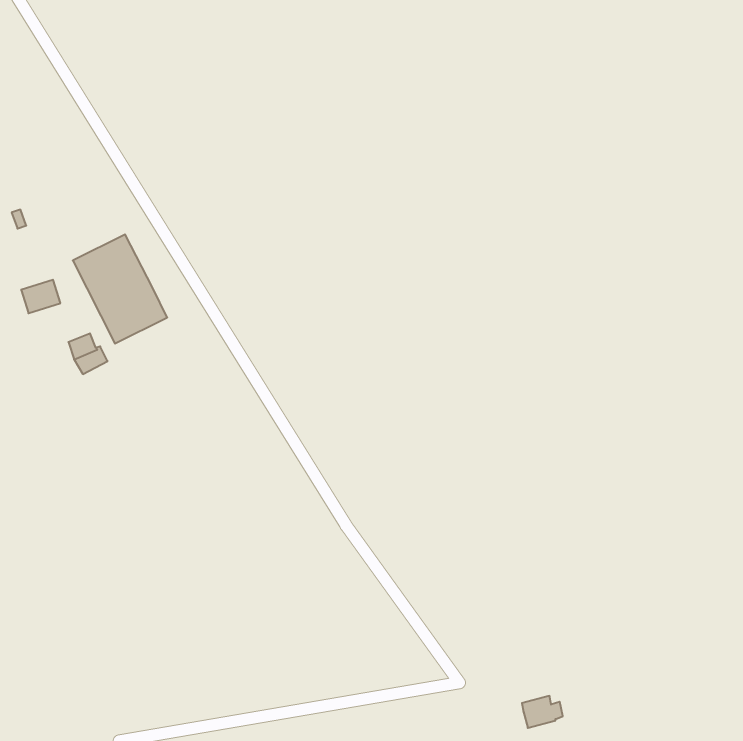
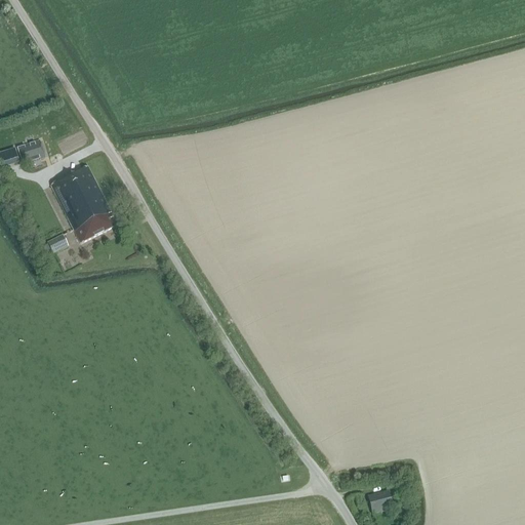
building: [21,280,60,313] -> [16,139,44,163]

